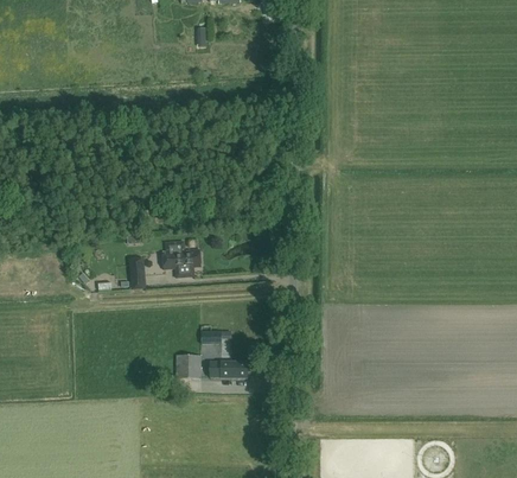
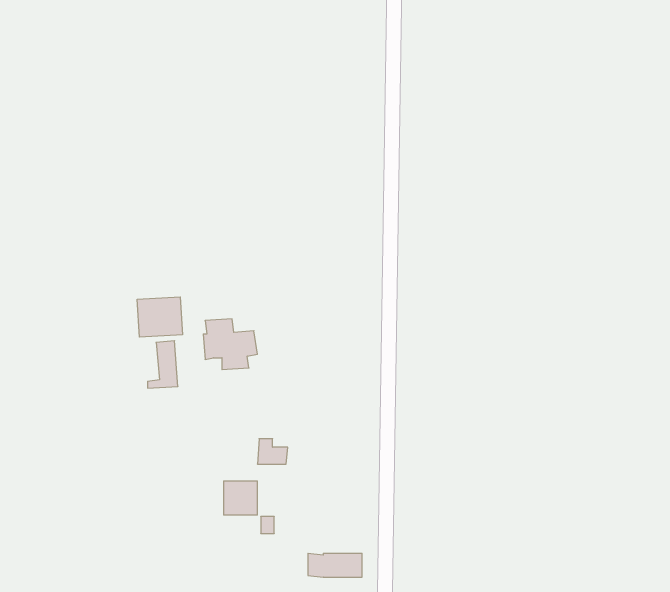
building: none -> [137,297,182,337]
building: [209,362,247,378] -> [308,553,362,577]

